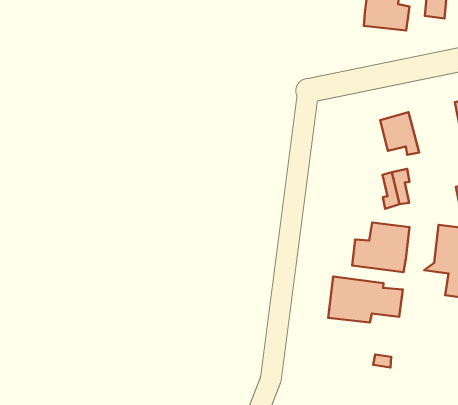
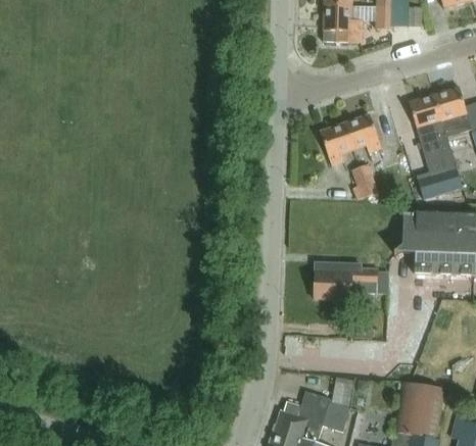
building: none -> [320,122,353,165]
building: [352,222,410,272] -> none

